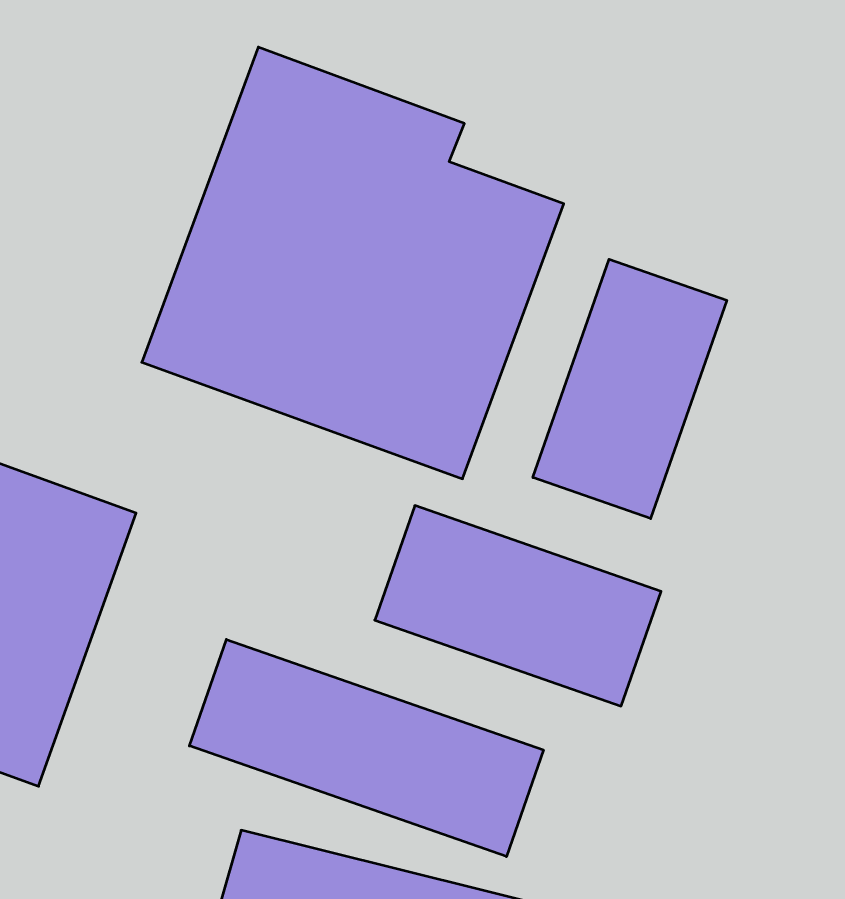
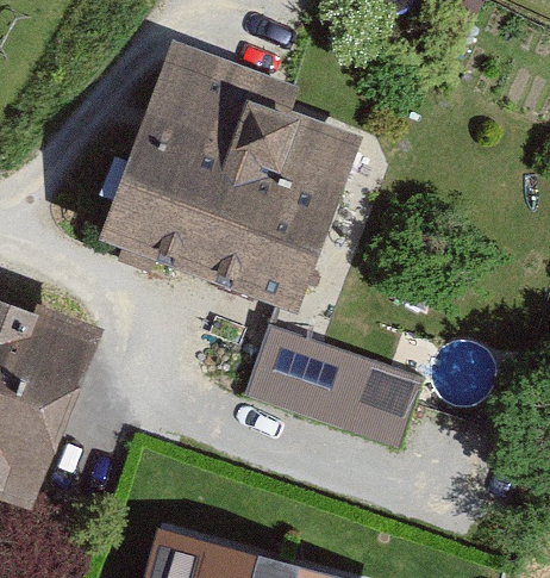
building: [533,259,727,519] -> none
building: [189,639,543,857] -> none

